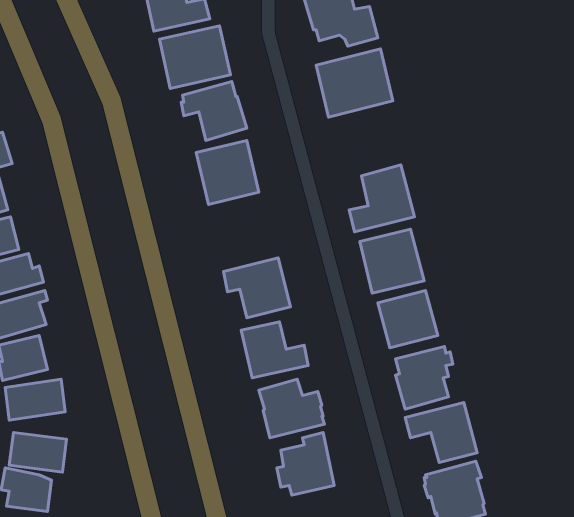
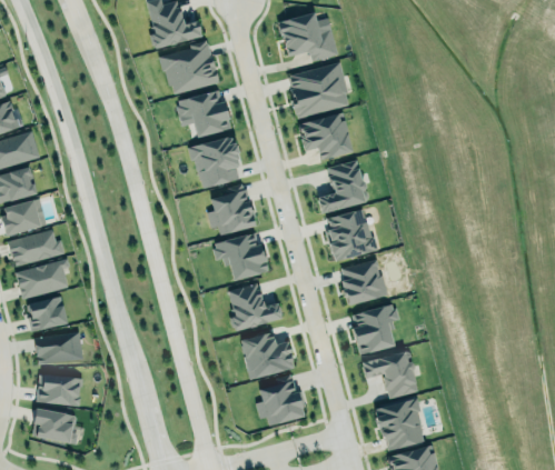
building: none -> [300,111,356,161]
building: none -> [207,183,256,234]

